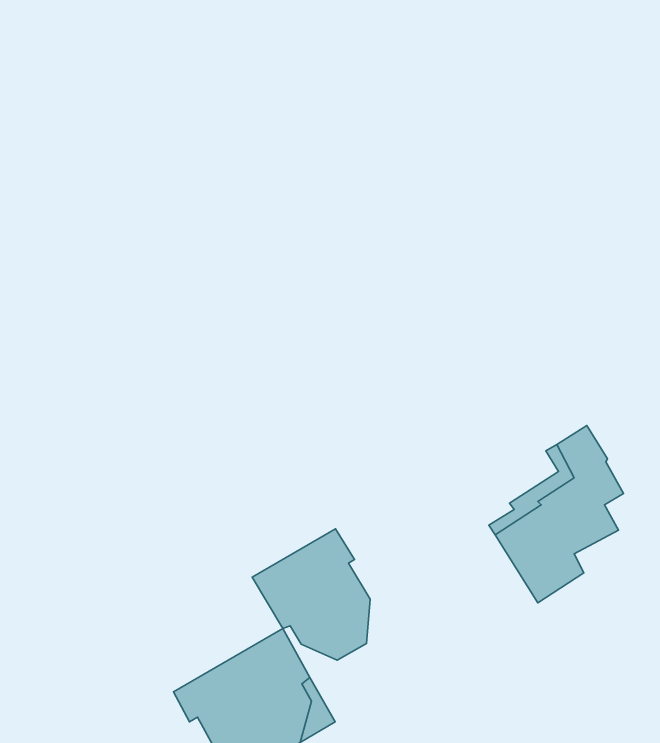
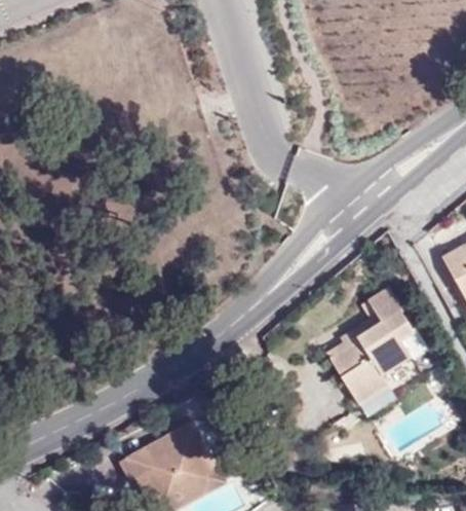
building: [252,529,370,660] -> none

